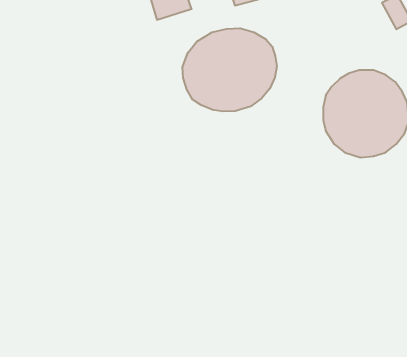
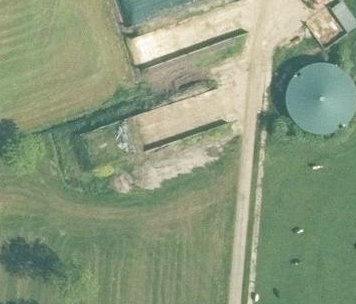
building: [183,28,277,111] -> none

